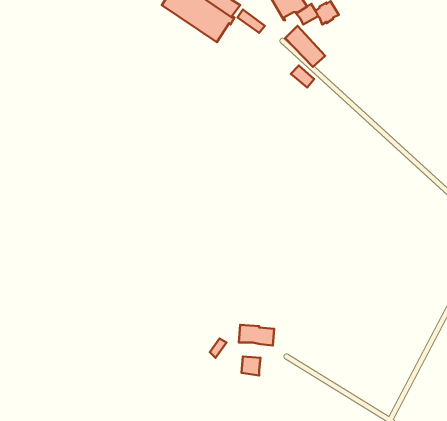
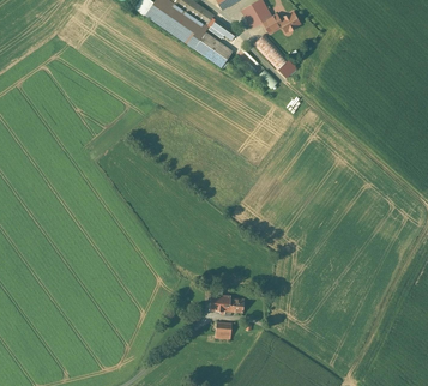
building: none -> [193,32,231,68]

